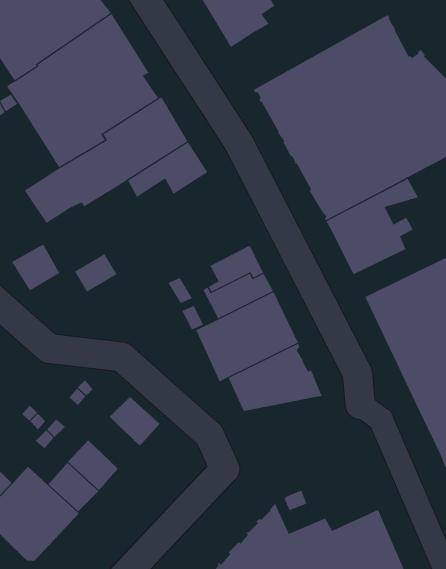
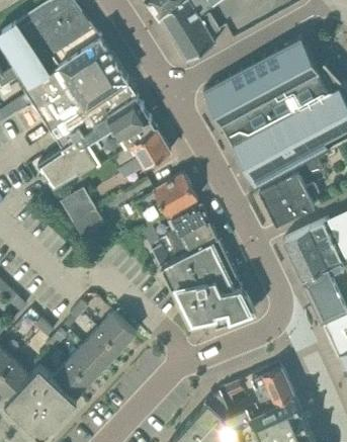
building: none -> [155,174,198,216]
building: [11,244,60,291] -> [61,189,96,224]
building: none -> [84,329,121,366]
building: none -> [253,367,294,411]

